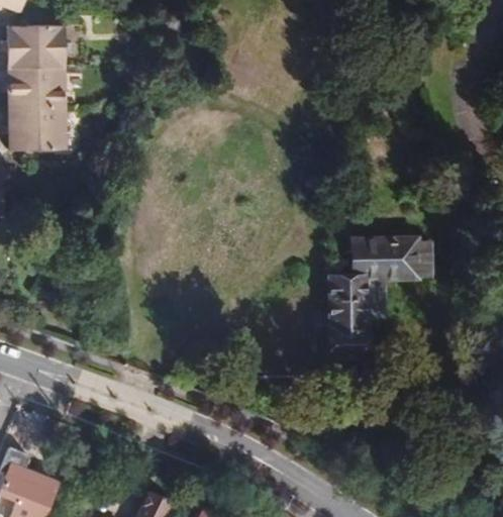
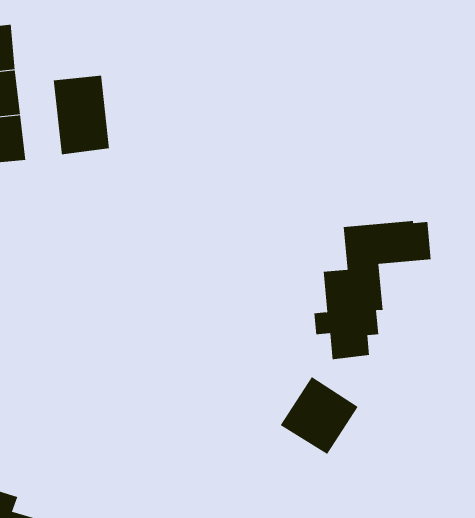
building: none -> [53,75,109,155]
building: none -> [280,376,358,455]

